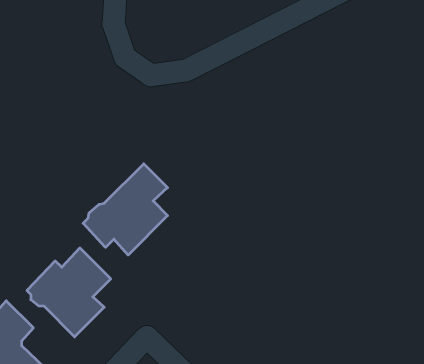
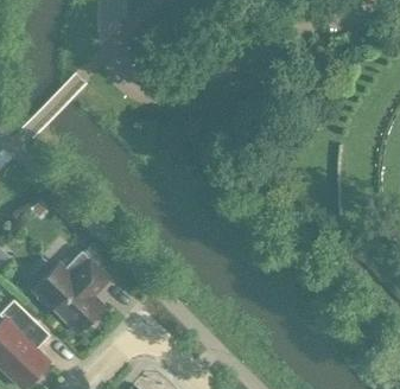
building: [83,164,168,255] -> none

